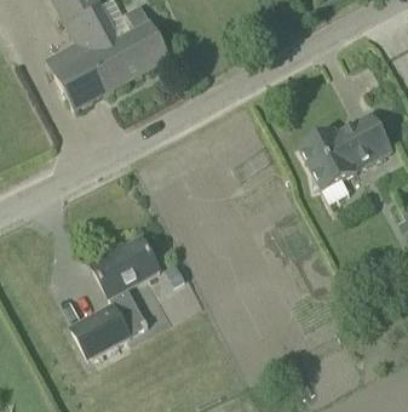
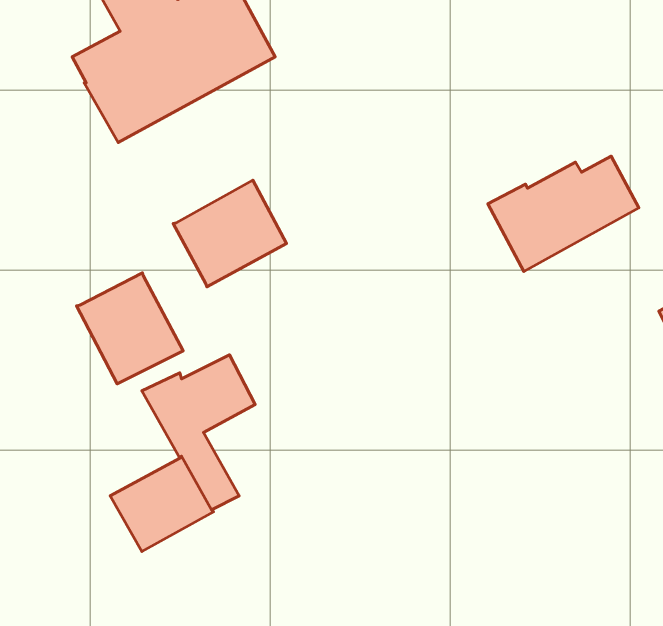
building: none -> [173,180,286,287]
building: none -> [77,273,183,384]

